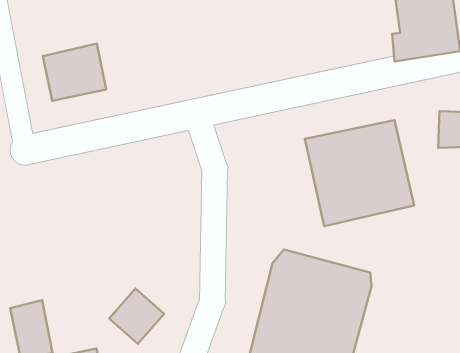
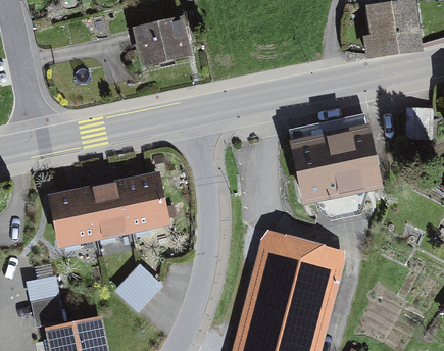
building: [43,43,106,101] -> [133,16,189,67]
building: none -> [46,170,169,248]

